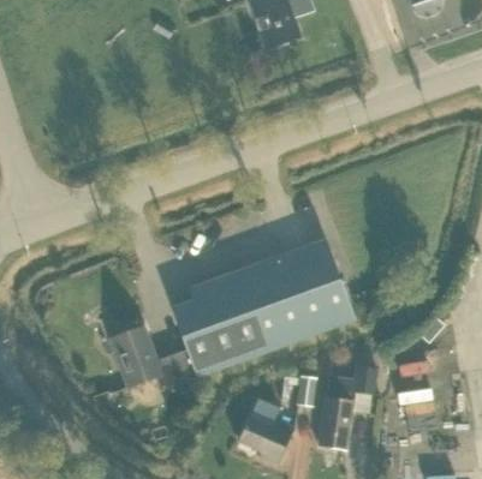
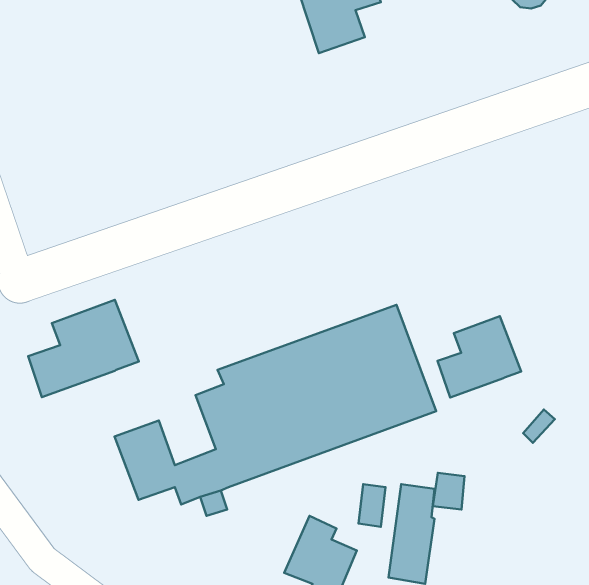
building: none -> [28,300,139,397]
building: none -> [438,316,521,397]

